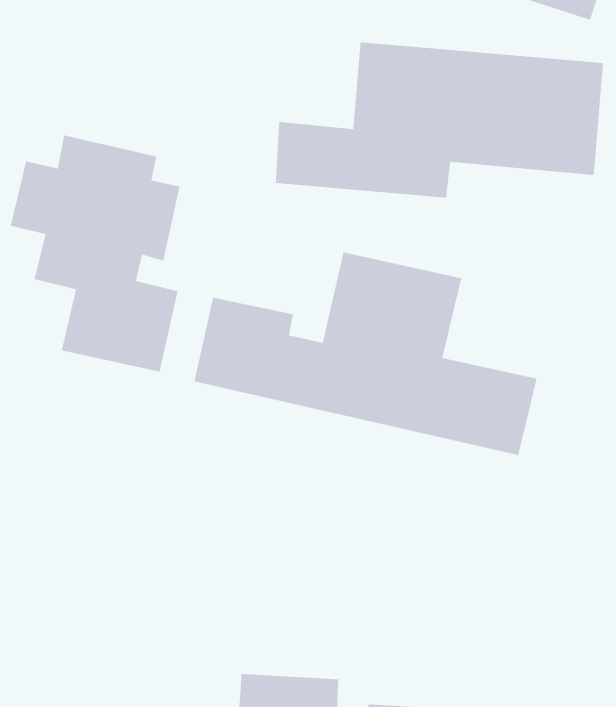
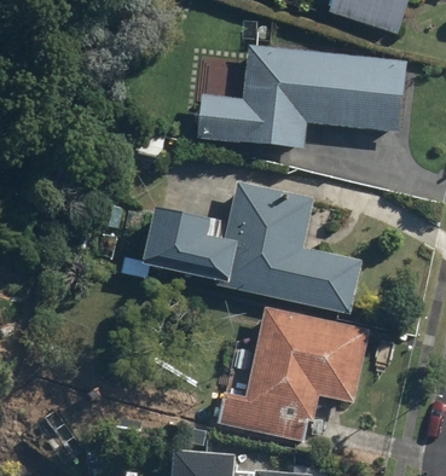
building: [10,134,181,372] -> none
building: none -> [216,307,369,439]

